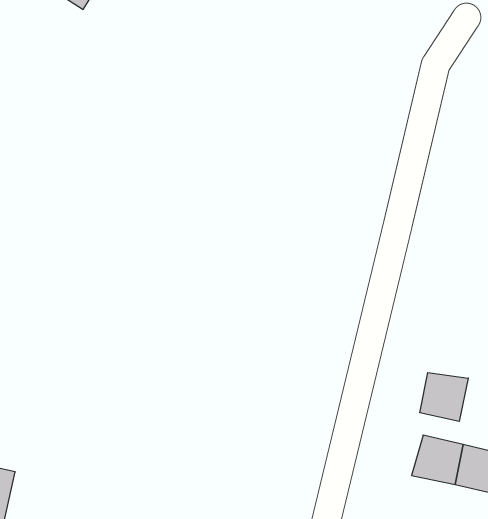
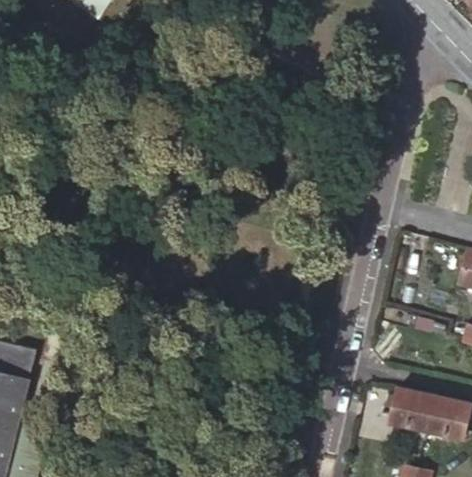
building: [420,373,468,421] -> none

